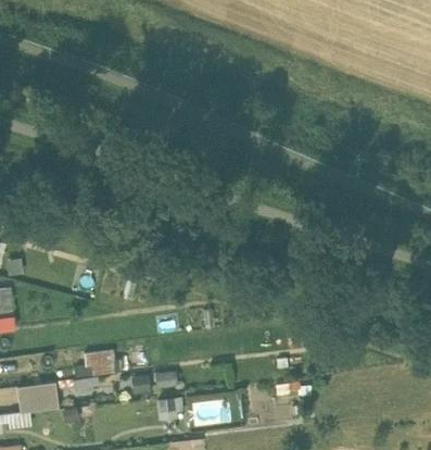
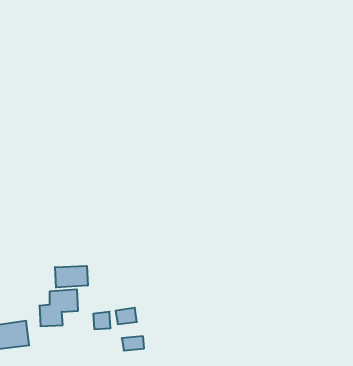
building: none -> [55,266,88,288]

